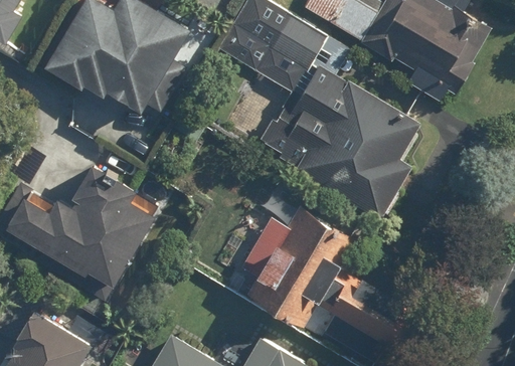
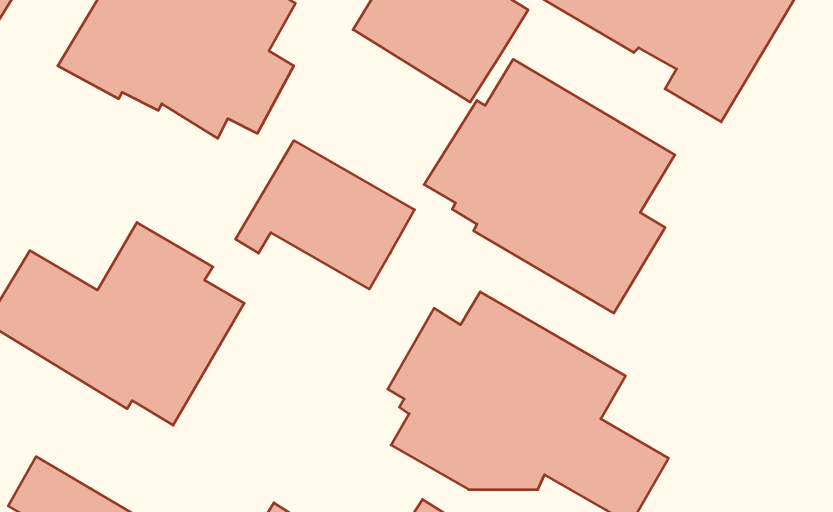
building: none -> [236,141,415,289]

